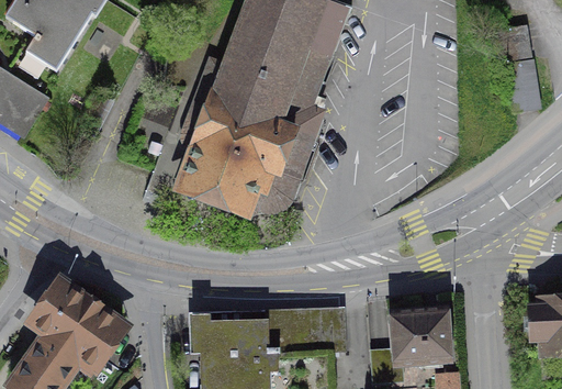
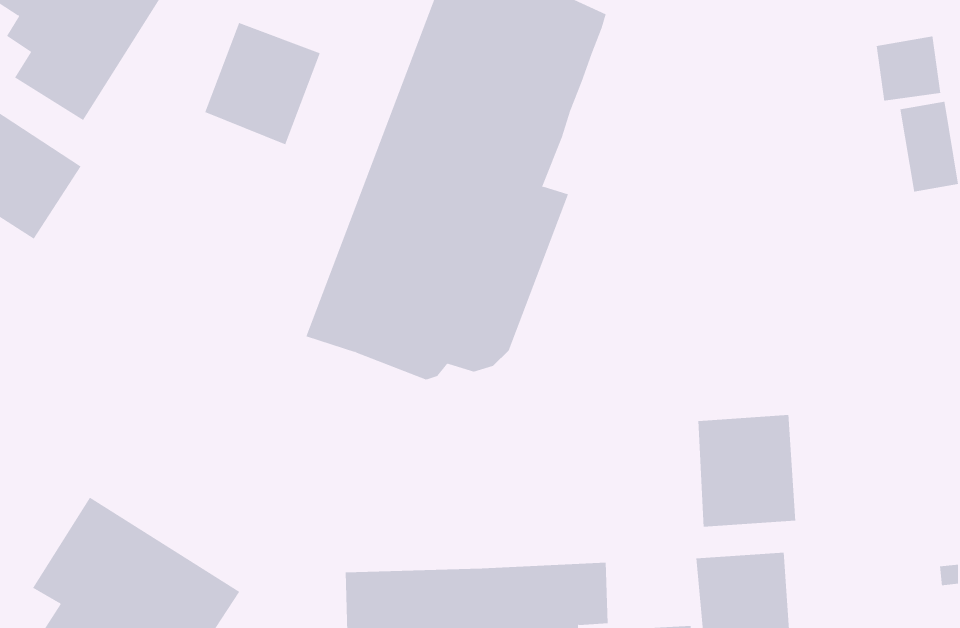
building: none -> [205,22,320,145]
building: none -> [698,414,796,528]

